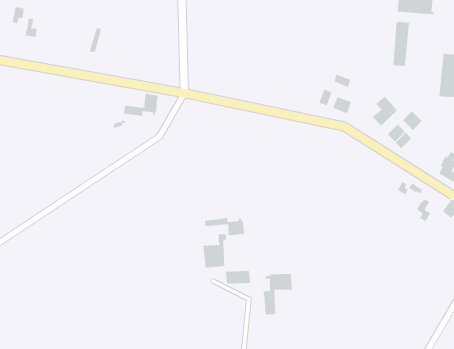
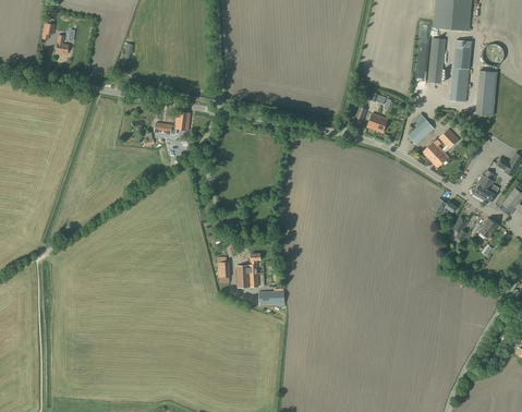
building: none -> [449,39,472,101]
building: [204,217,244,236] -> none
building: [263,273,292,315] -> none

